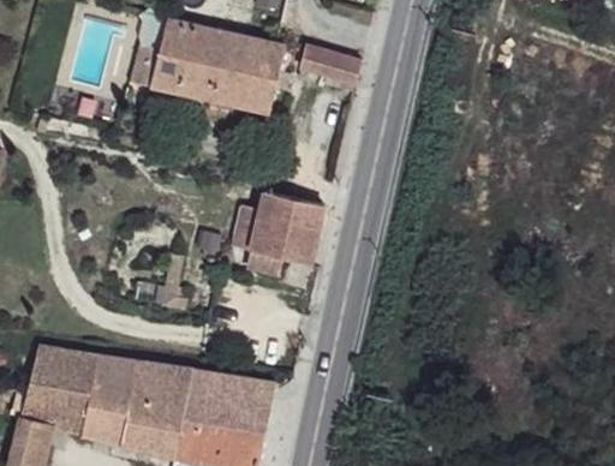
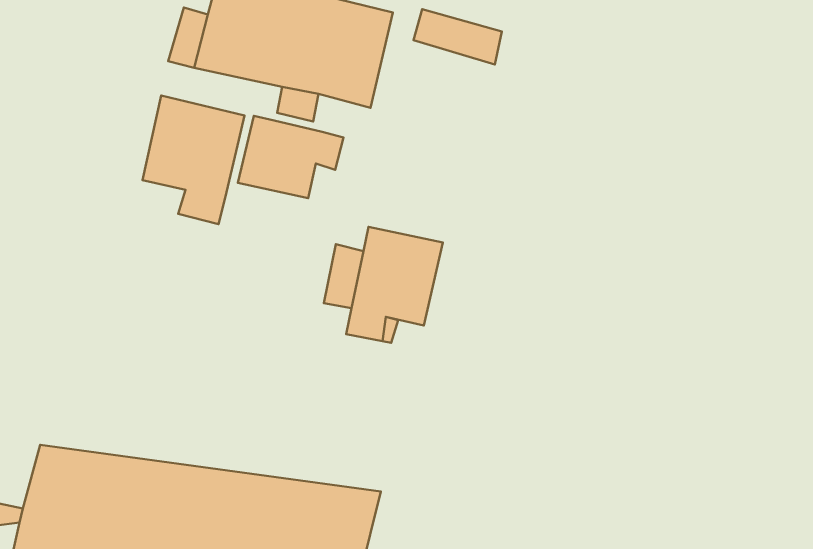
building: none -> [143,95,245,224]
building: none -> [238,116,344,198]

